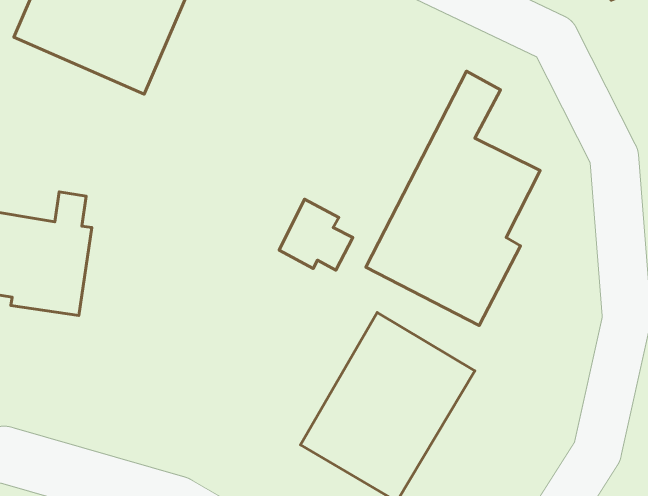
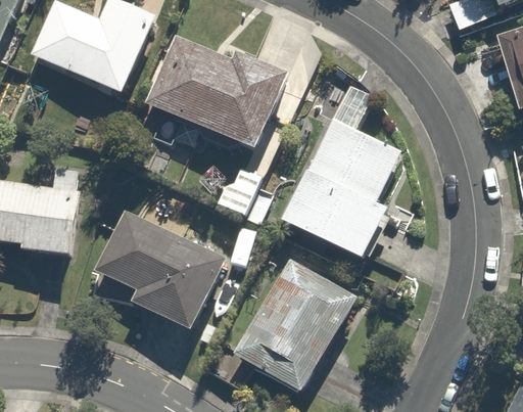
building: none -> [144,35,288,151]
building: none -> [92,209,232,331]

